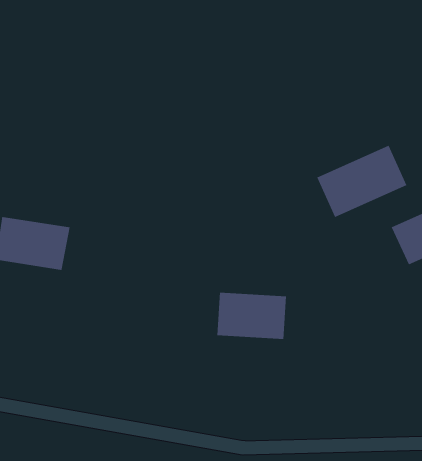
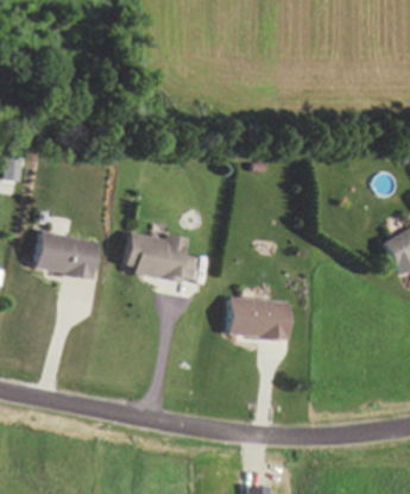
building: [317,145,407,218] -> none
building: none -> [125,230,197,282]

